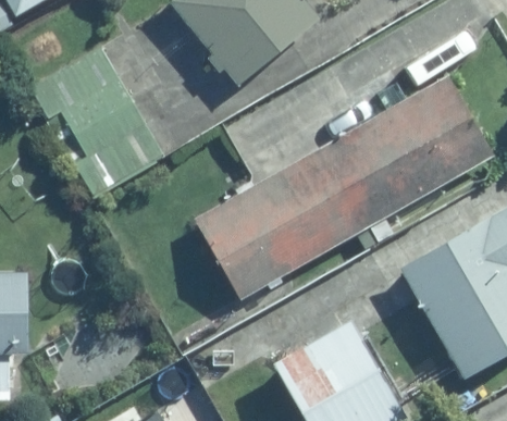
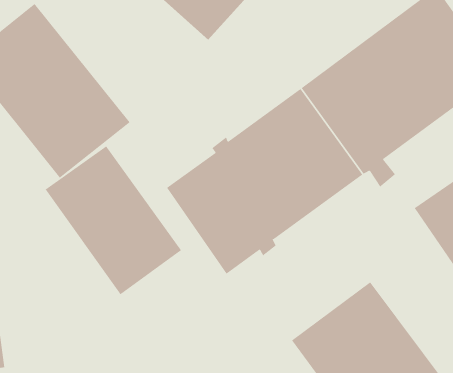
building: none -> [45,145,182,295]

